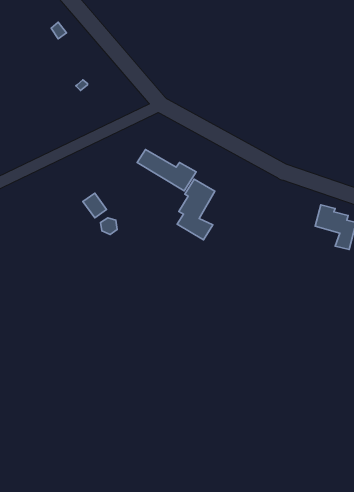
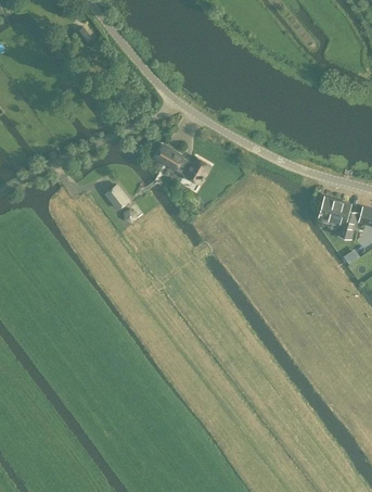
building: [177,179,215,240] -> none

